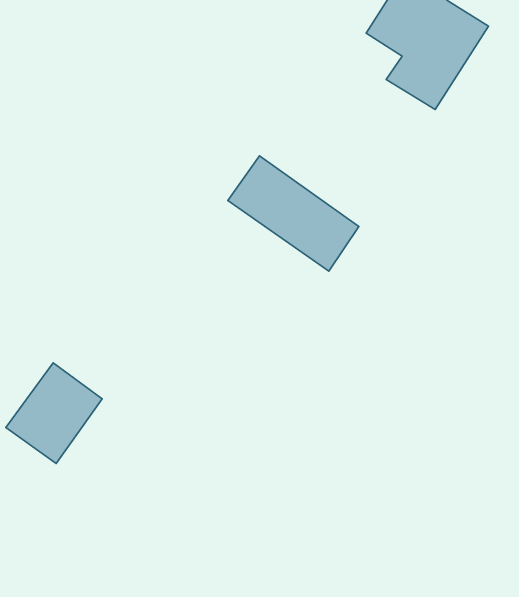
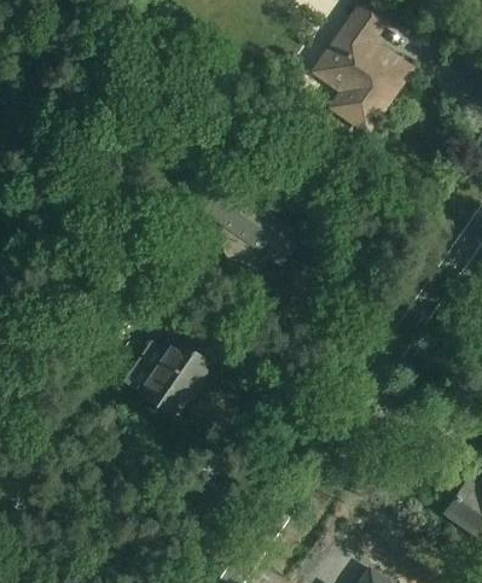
building: [6,363,102,464] -> [133,336,214,420]

